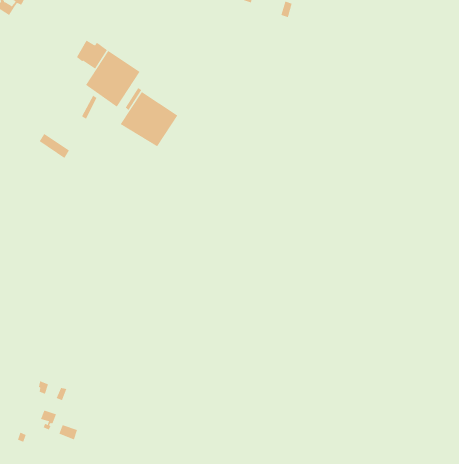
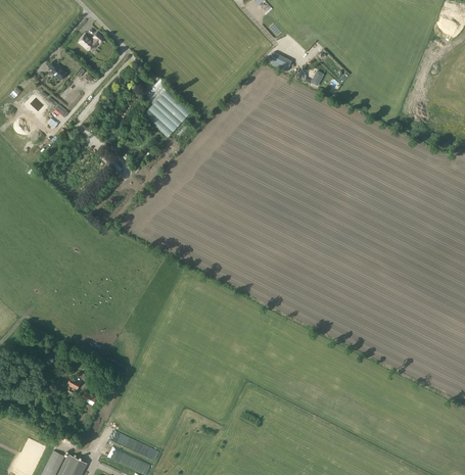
building: [120,91,178,147] -> none

